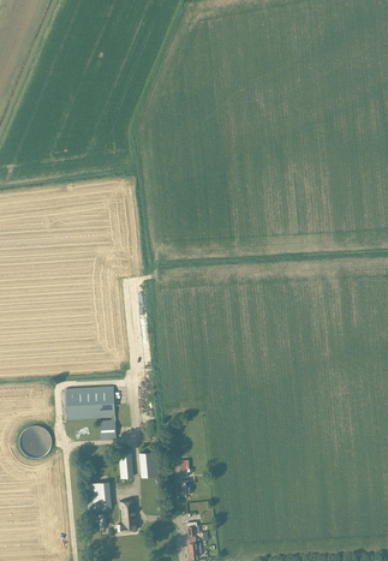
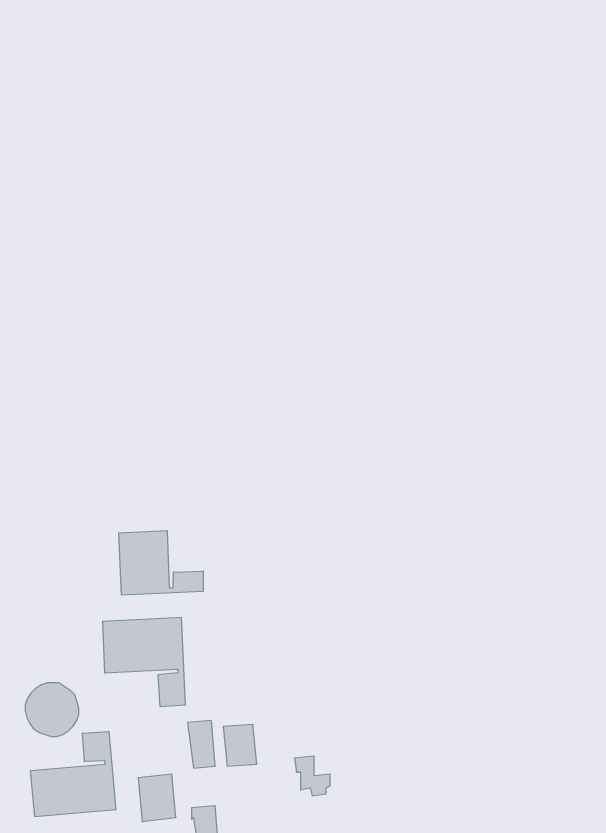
building: none -> [119,531,203,595]
building: none -> [30,731,116,817]

